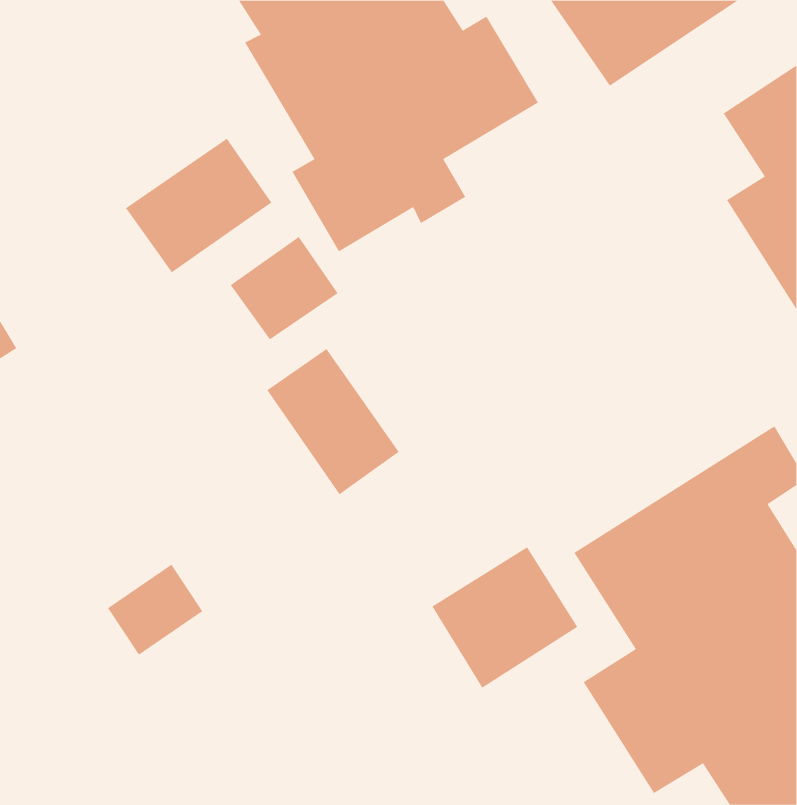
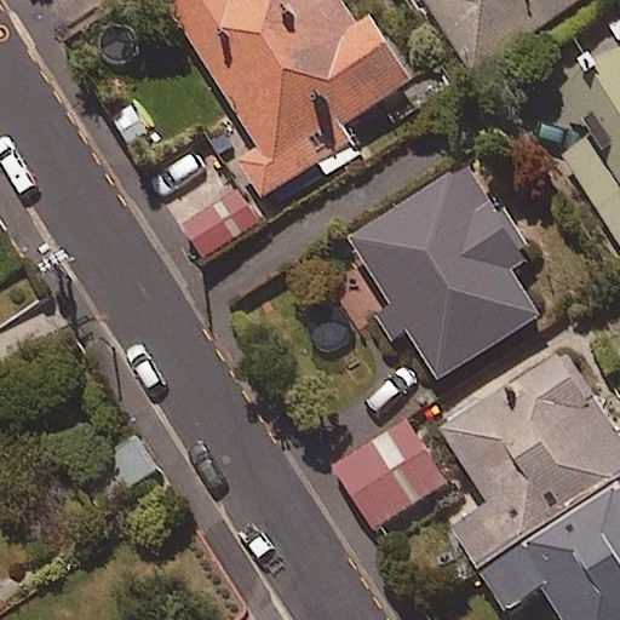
building: [125,138,272,273] -> none
building: none -> [351,163,540,378]
building: [267,348,399,495] -> none

